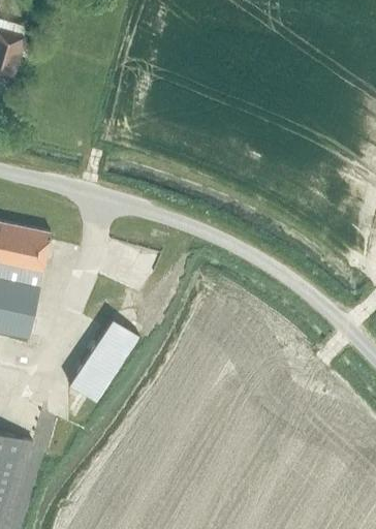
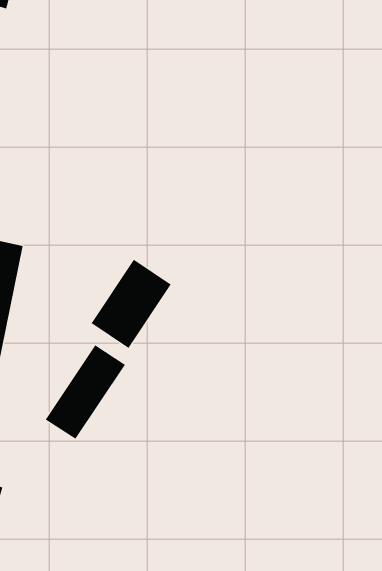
building: none -> [91,259,171,349]

